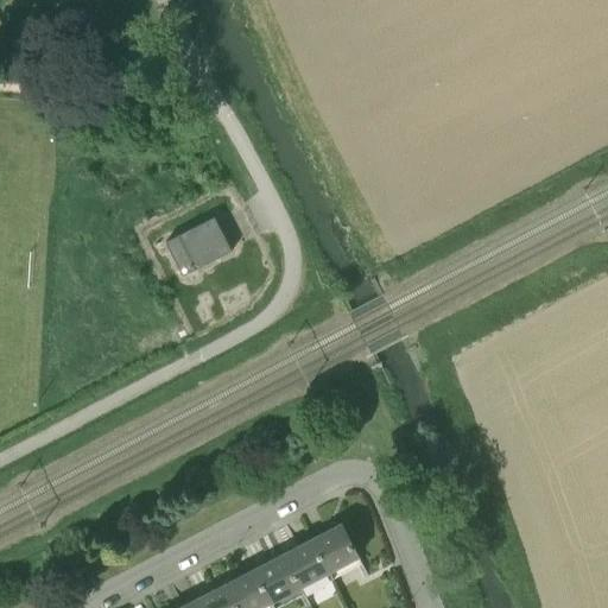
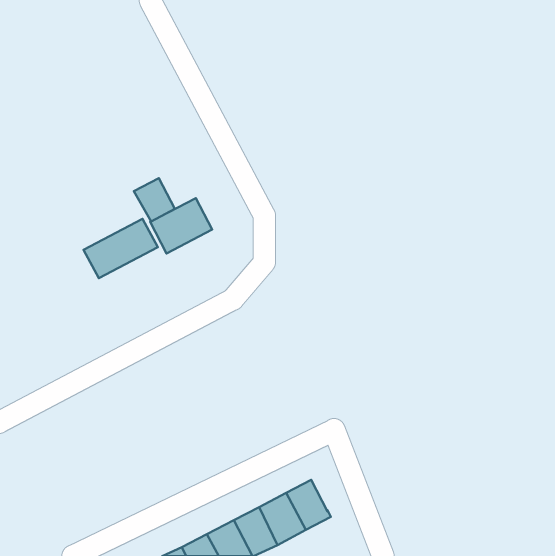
building: none -> [134,178,175,221]
building: none -> [84,219,158,278]

